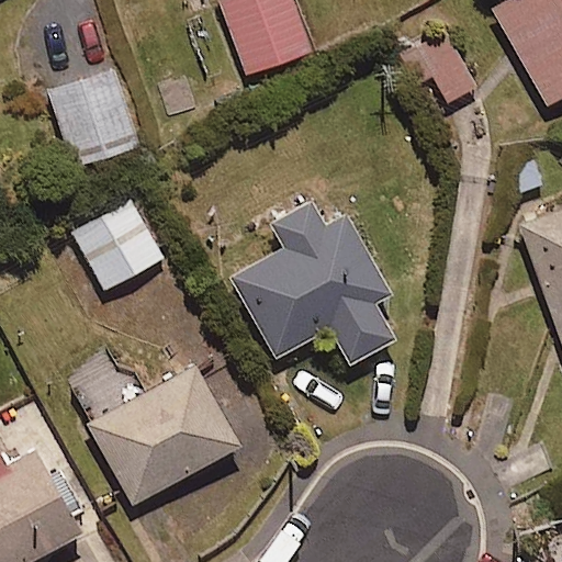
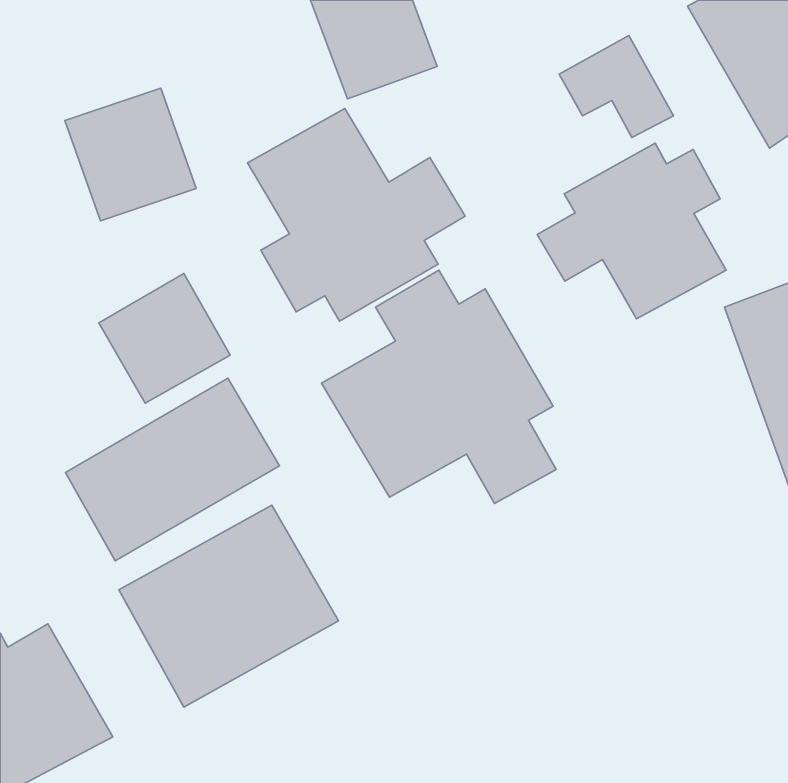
building: none -> [247,108,465,321]
building: none -> [537,143,726,319]
building: none -> [65,378,280,561]

